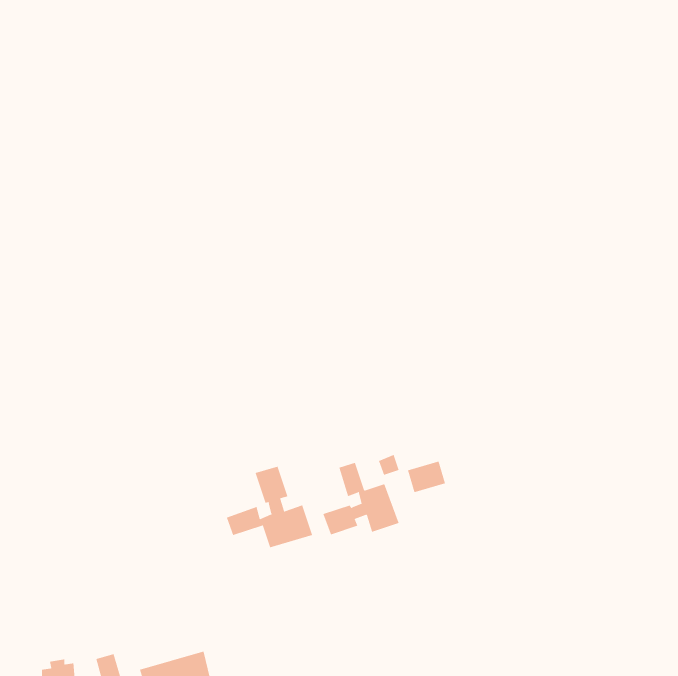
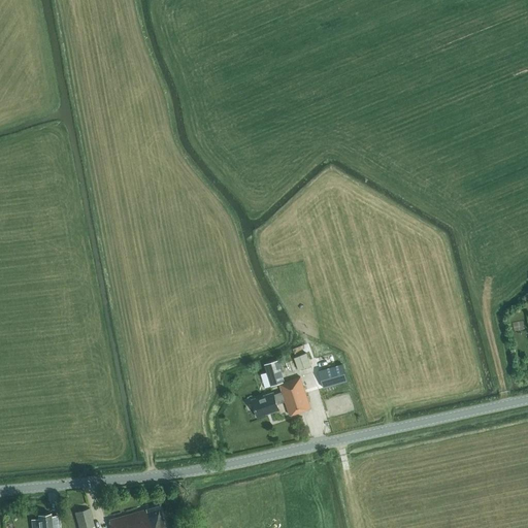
building: [226,466,313,548] -> none

